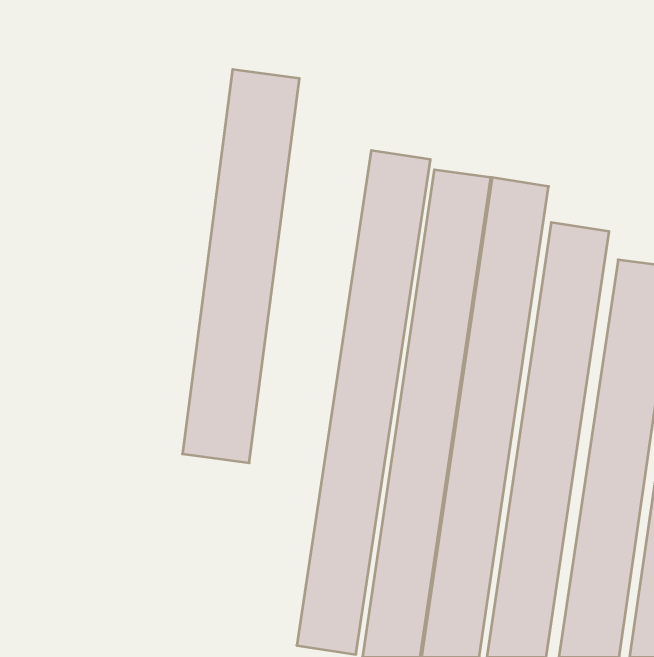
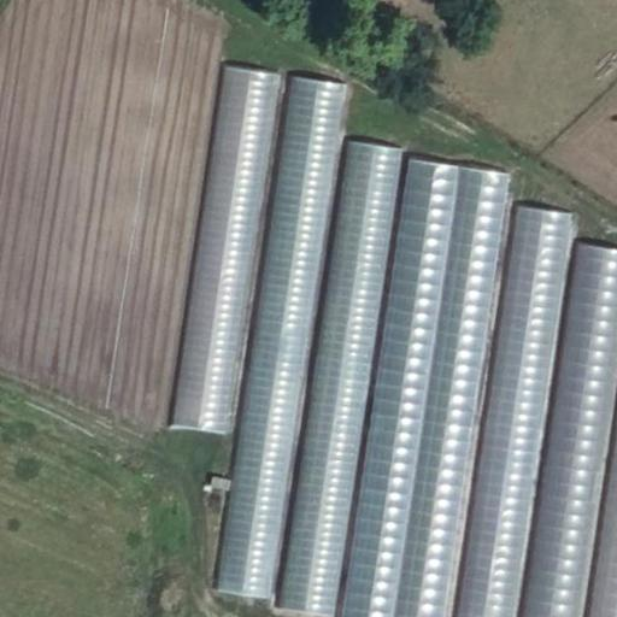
building: none -> [218,76,348,597]

